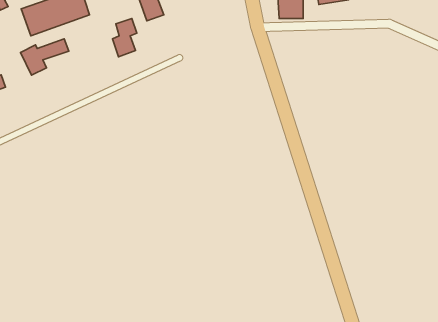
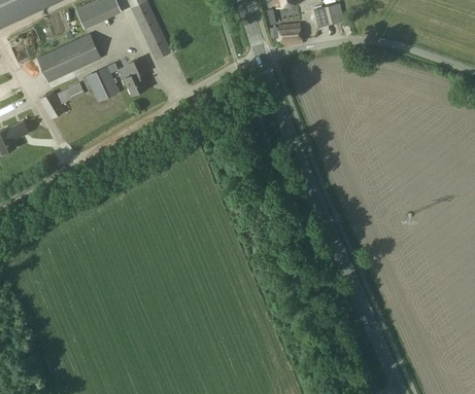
building: none -> [82,65,120,102]

